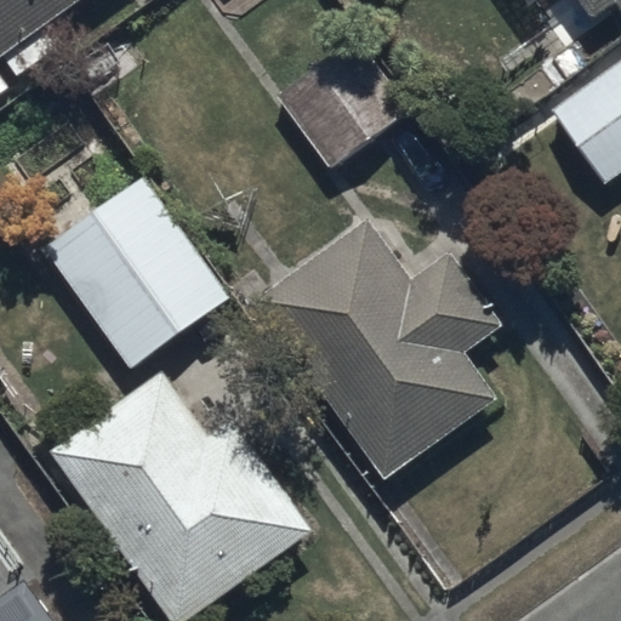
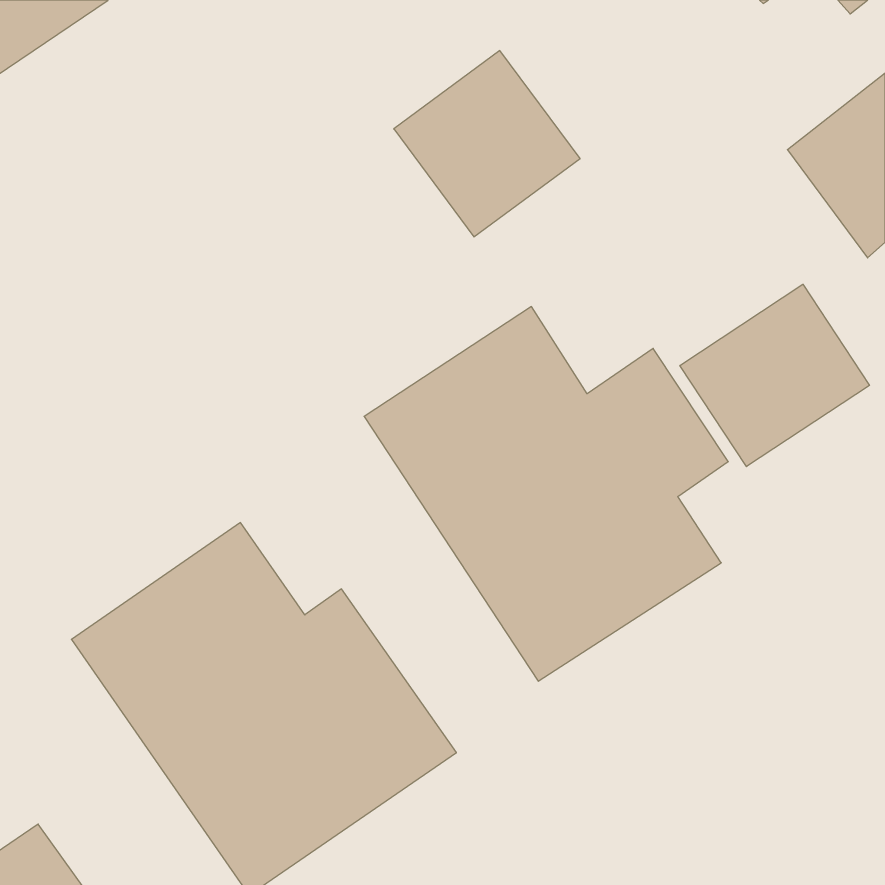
building: [44,177,232,370] -> none
building: none -> [680,284,869,467]

